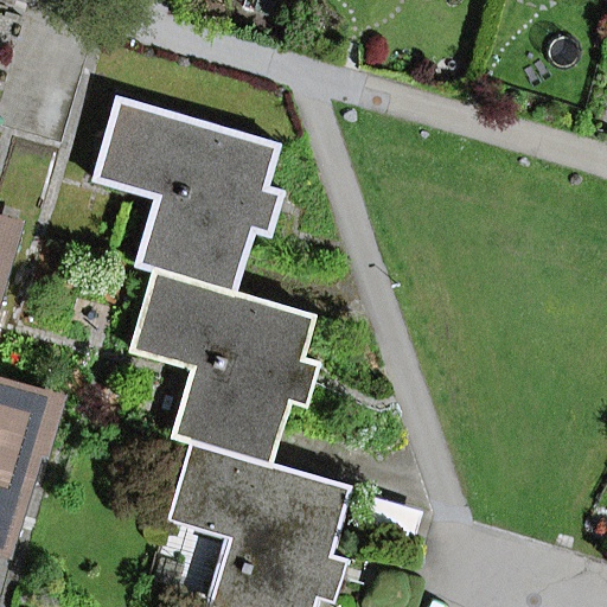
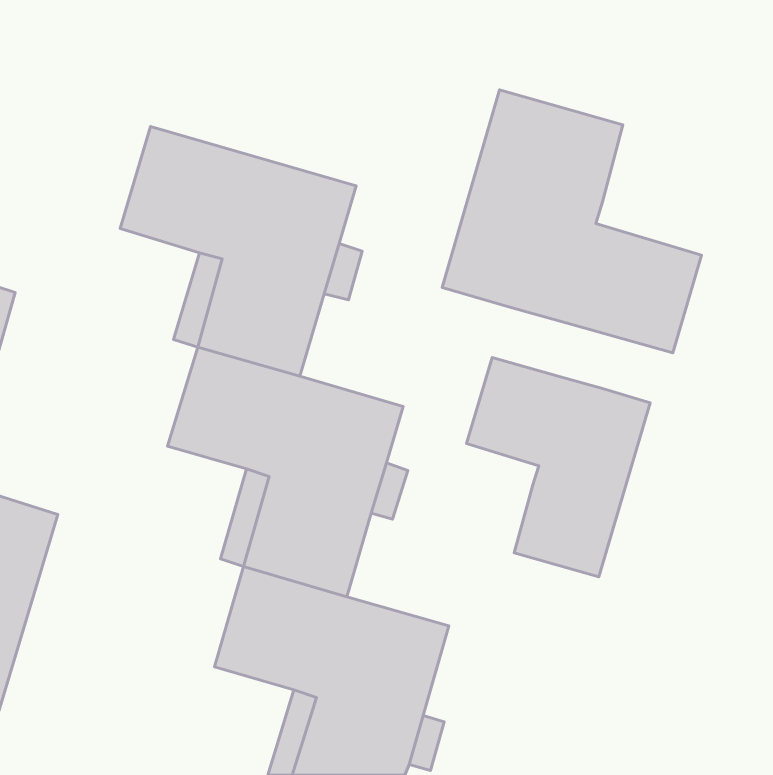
building: none -> [442,90,702,353]
building: none -> [467,357,650,577]

